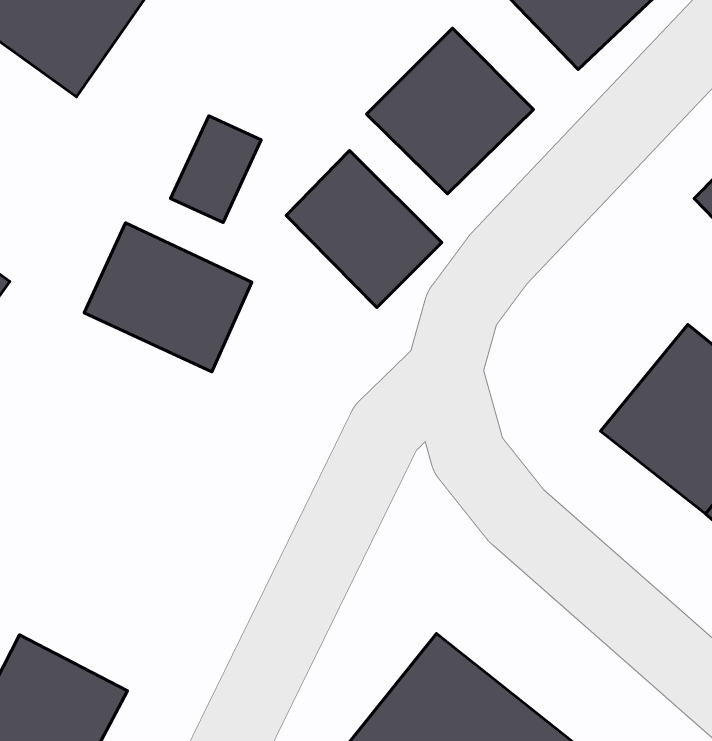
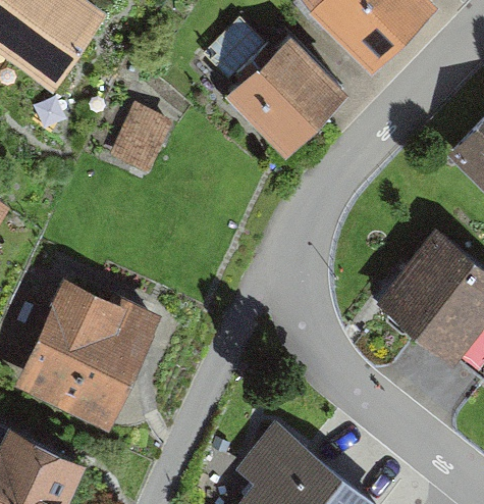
building: [286,150,442,308] -> none
building: [84,223,252,372] -> none
building: none -> [18,286,156,426]

